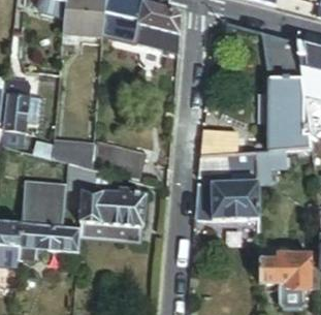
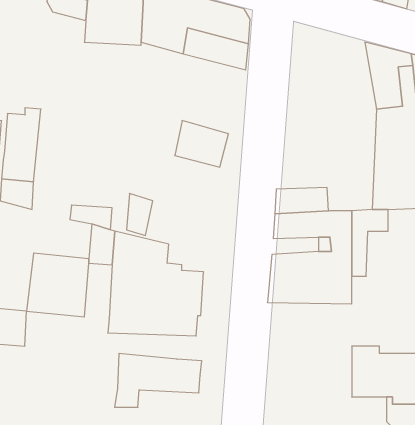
building: [107,145,146,178] -> [175,121,228,167]
building: [20,223,82,261] -> [115,353,202,407]

